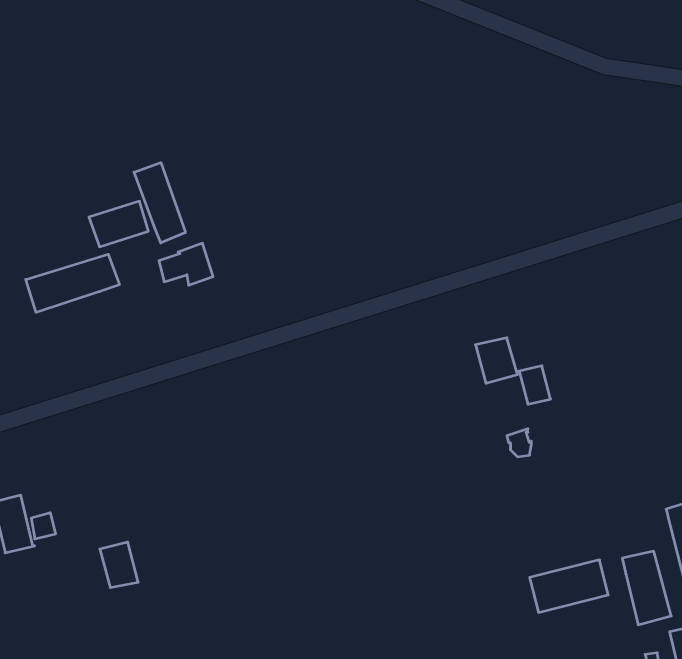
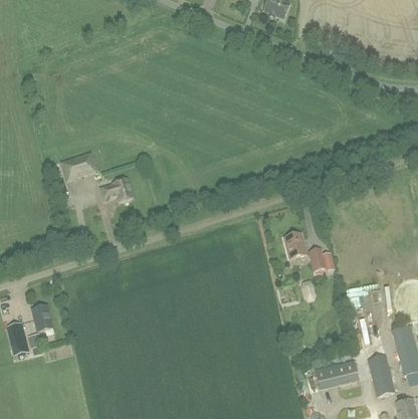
building: [134,163,185,243] -> none
building: [26,254,119,312] -> none
building: [100,542,138,588] -> [31,303,53,330]

